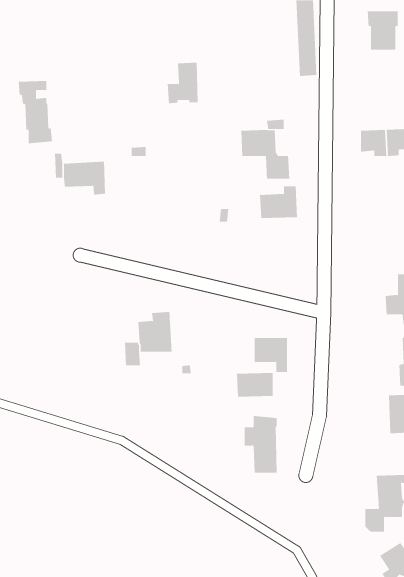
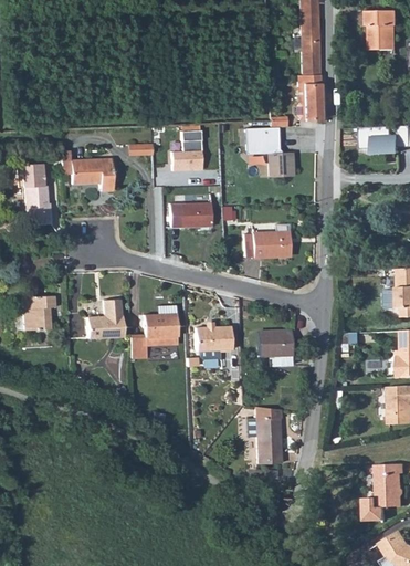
building: [167,62,199,104] -> [170,130,201,171]
building: none -> [294,74,320,120]
building: [18,80,53,144] -> [15,164,50,226]
building: [259,186,298,219] -> [251,224,288,256]
building: none -> [168,202,210,228]
building: none -> [21,295,53,329]
building: none -> [85,300,122,338]
building: [236,372,273,397] -> [193,326,230,350]

